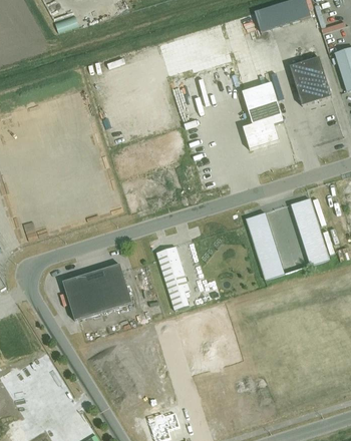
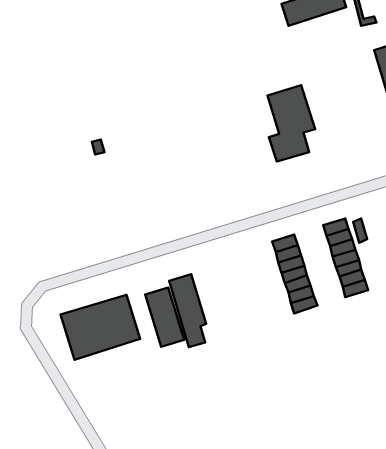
building: [291,57,332,104] -> none
building: none -> [145,287,184,347]

